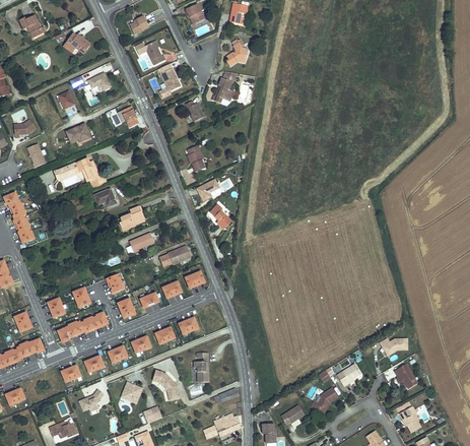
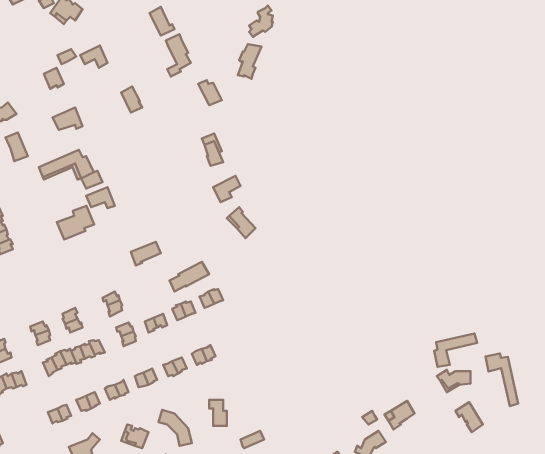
building: [115,205,145,233] -> [57,206,94,239]
building: none -> [434,334,477,367]
building: none -> [486,354,518,406]

